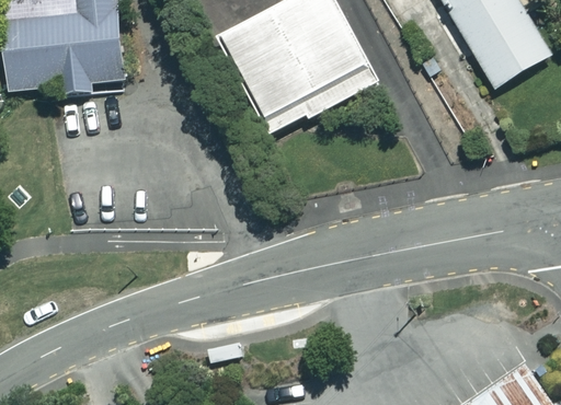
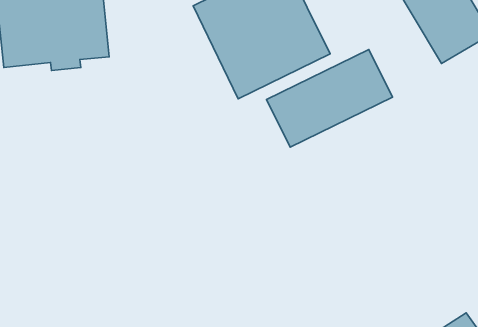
building: none -> [266,49,393,147]

